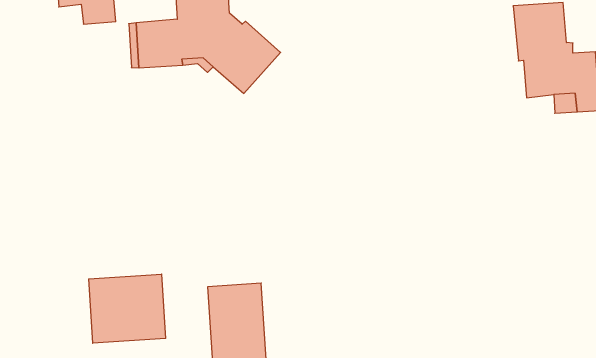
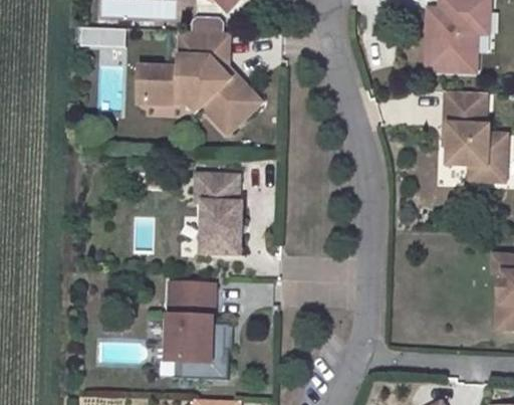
building: none -> [193,174,239,255]
building: [89,274,166,343] -> none

